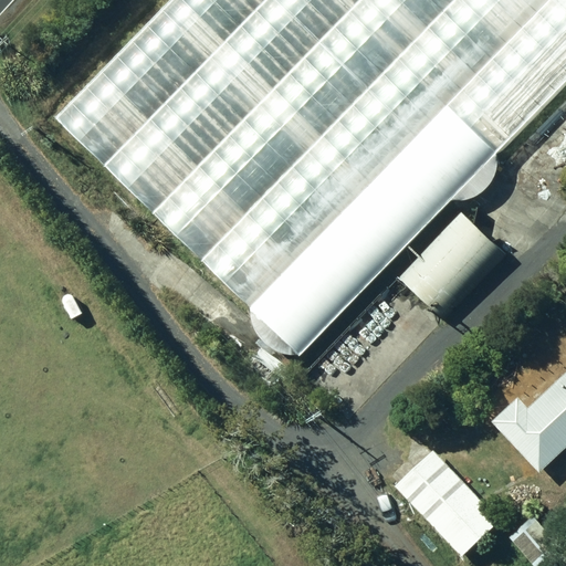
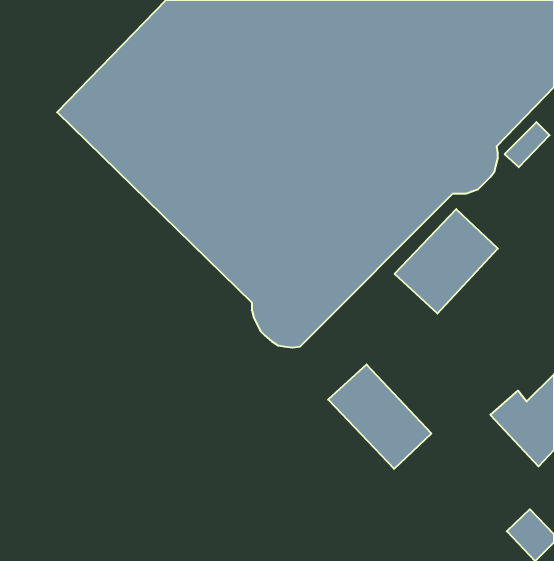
building: [395,449,499,554] -> [328,364,431,469]

